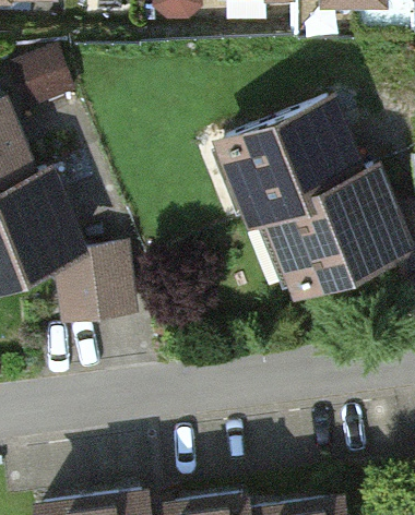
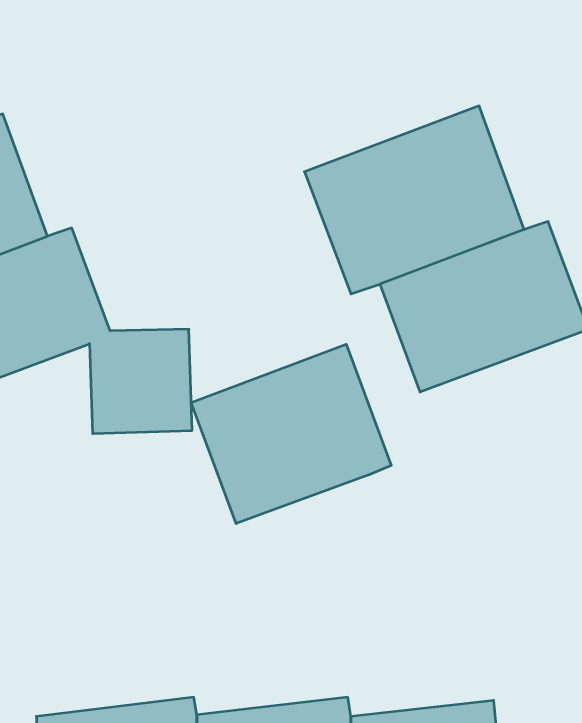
building: none -> [191,344,391,524]

